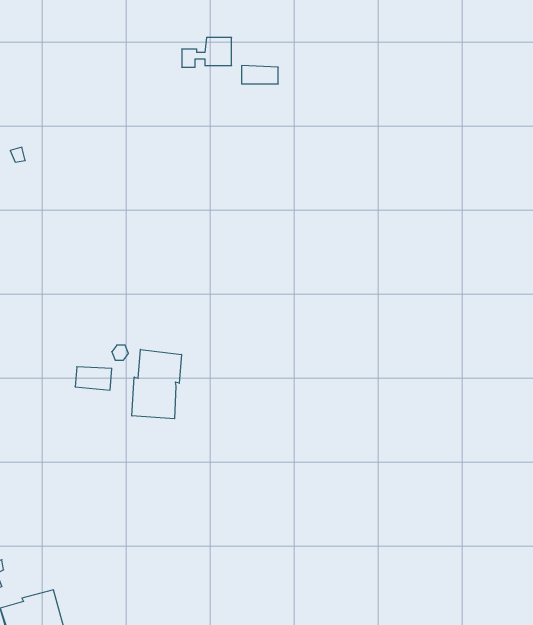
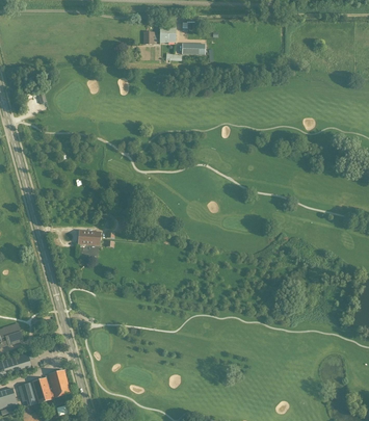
building: [132,349,181,419] -> none

